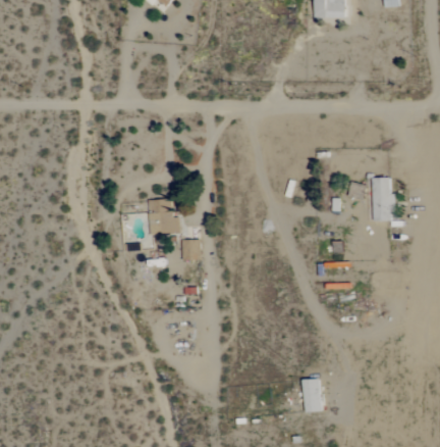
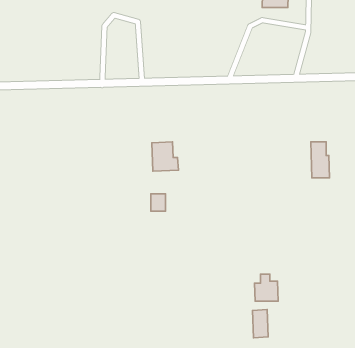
building: [149,199,180,234] -> [152,142,178,171]
building: none -> [254,274,278,301]

